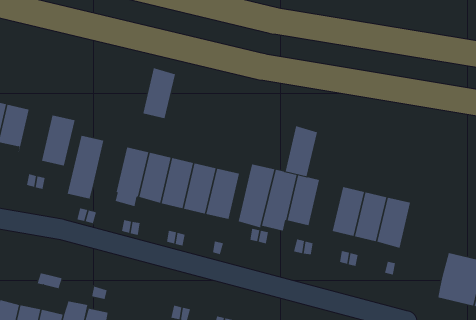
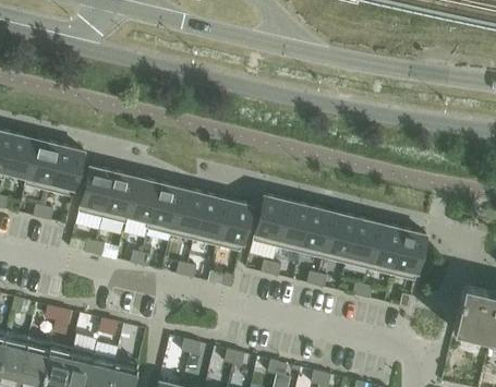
building: [143,68,176,119] -> [102,171,136,223]
building: none -> [26,140,60,192]
building: [285,126,318,177] -> [323,211,356,264]

